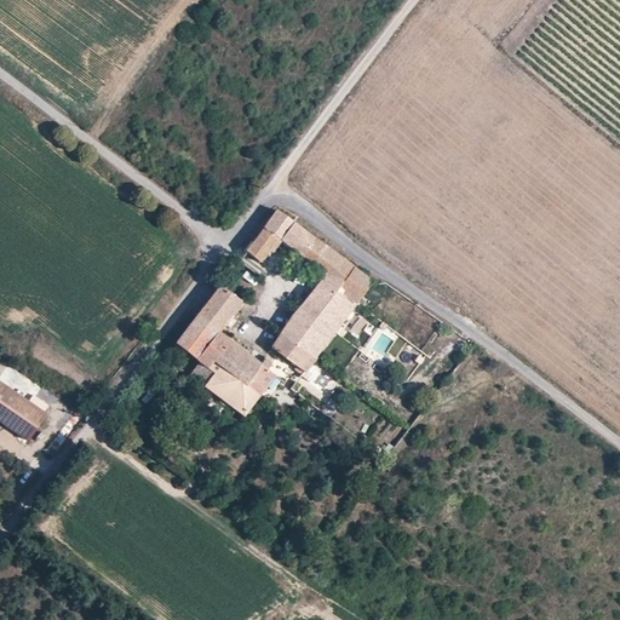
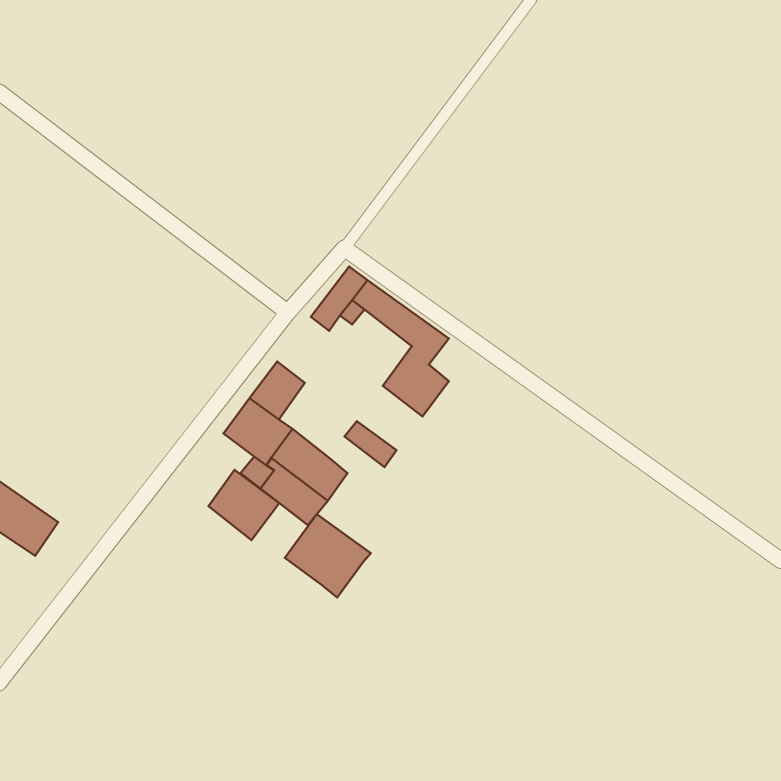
building: [339,268,372,302] -> none
building: [282,305,334,356] -> none
building: none -> [208,470,279,540]
building: none -> [285,514,371,597]

